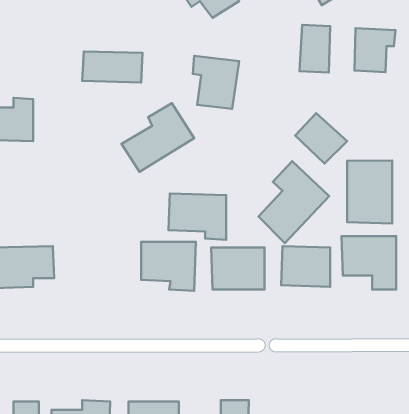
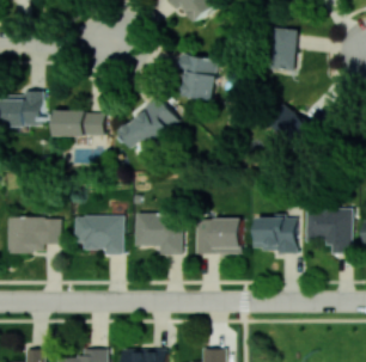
building: [355,28,395,72] -> none
building: [82,52,143,82] -> [54,110,105,136]
building: [347,160,392,223] -> none
building: [259,161,329,243] -> none
building: [169,194,226,240] -> [73,215,122,254]

